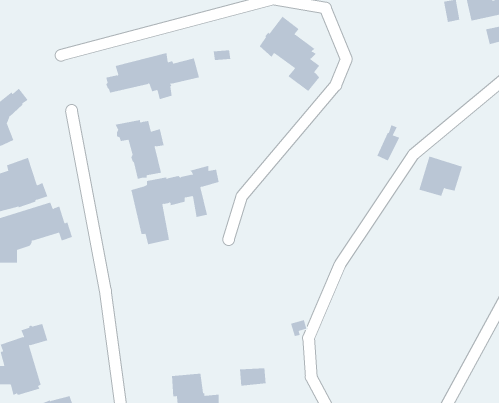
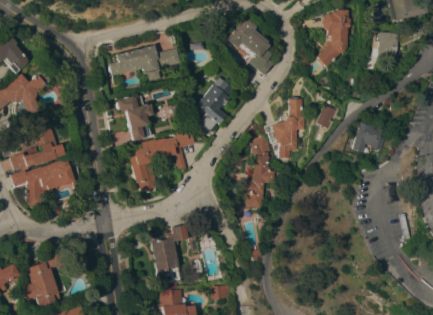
building: none -> [318,9,351,67]
building: none -> [372,31,394,59]
building: none -> [196,77,235,131]
building: none -> [271,98,307,158]
building: none -> [243,134,277,208]
building: none -> [152,224,190,283]

